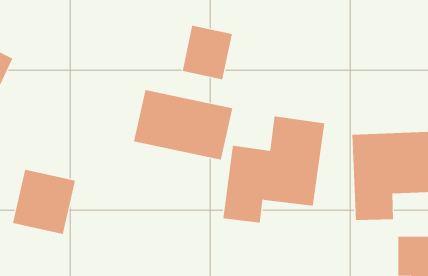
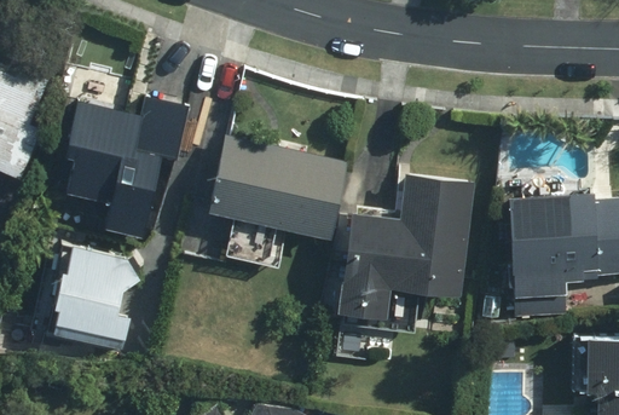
building: [182,25,232,80] -> none
building: none -> [62,103,193,238]

